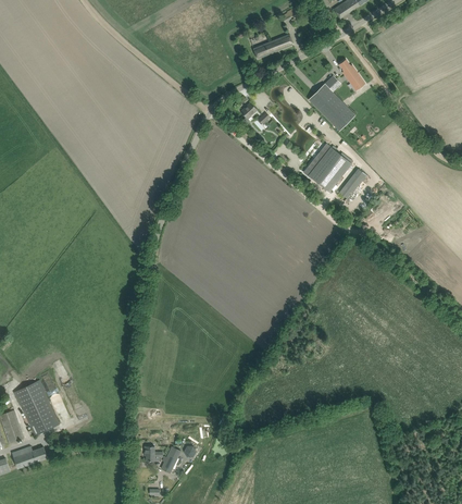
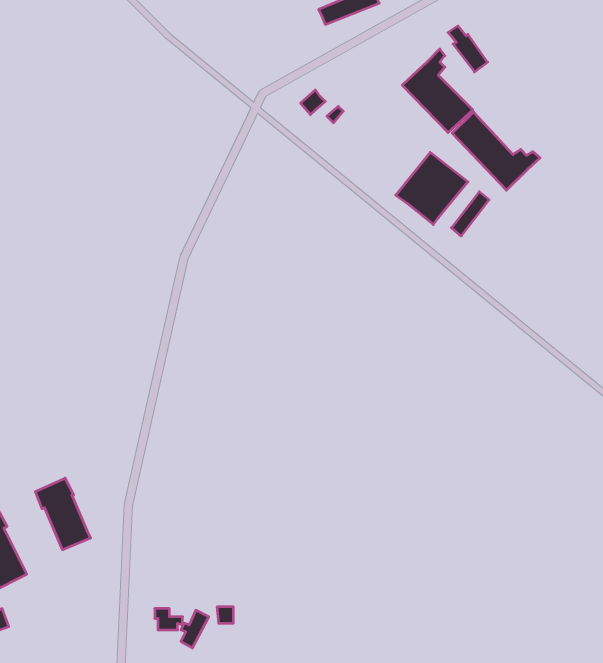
building: none -> [452,112,540,190]
building: none -> [35,478,91,550]

